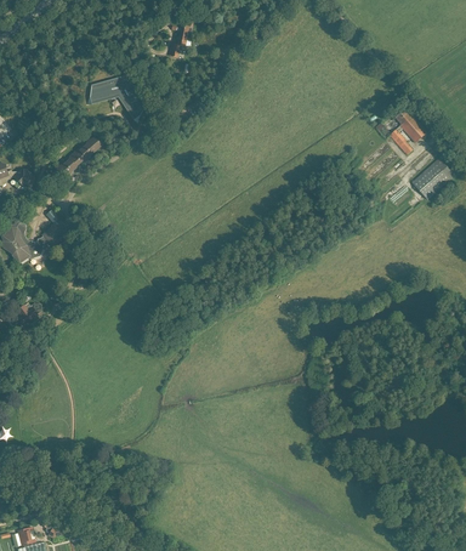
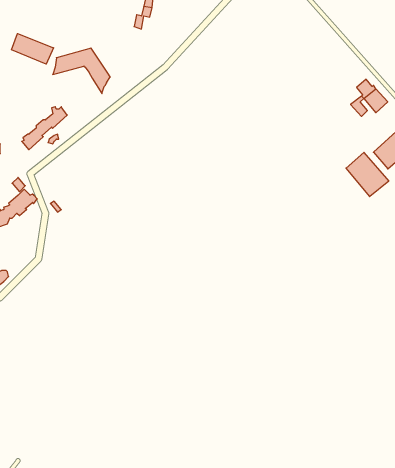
building: none -> [11,34,54,64]
building: none -> [346,152,389,197]

